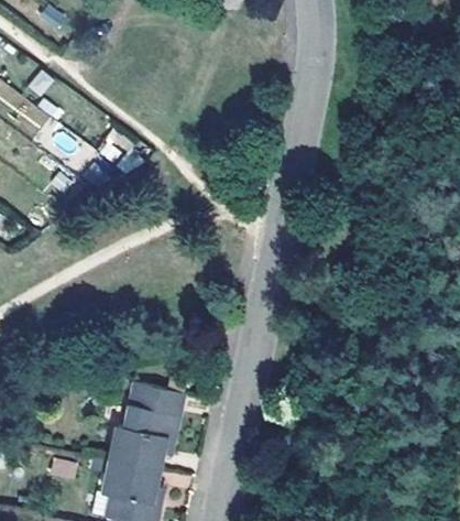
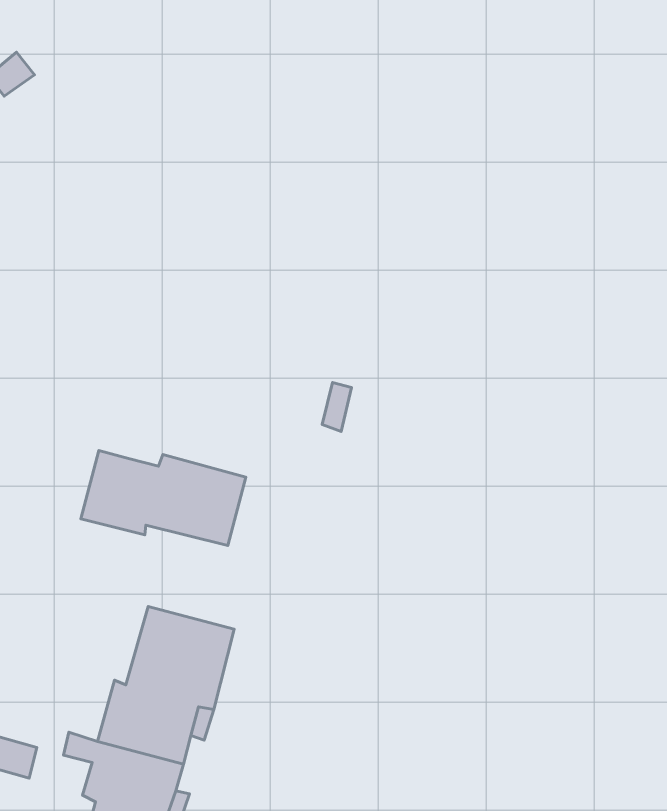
building: none -> [81,451,246,545]

